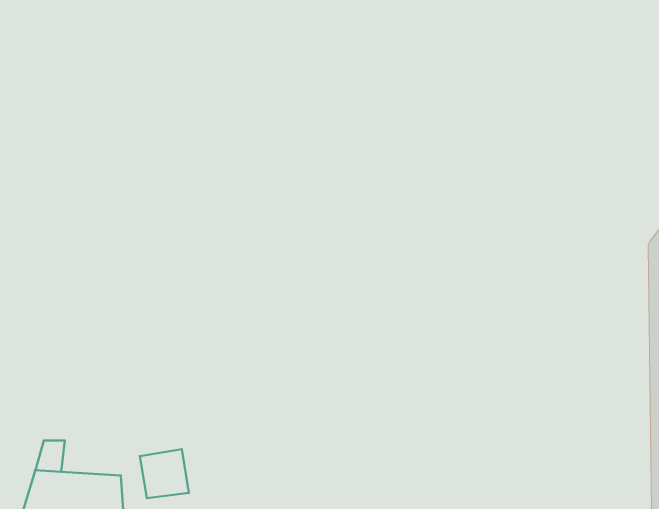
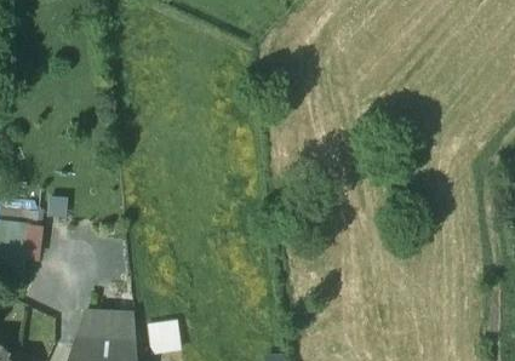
building: none -> [96,311,137,336]

